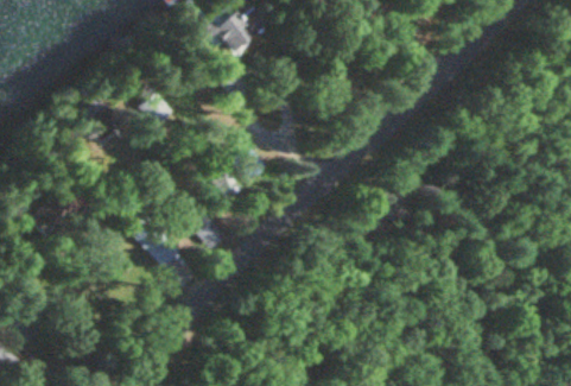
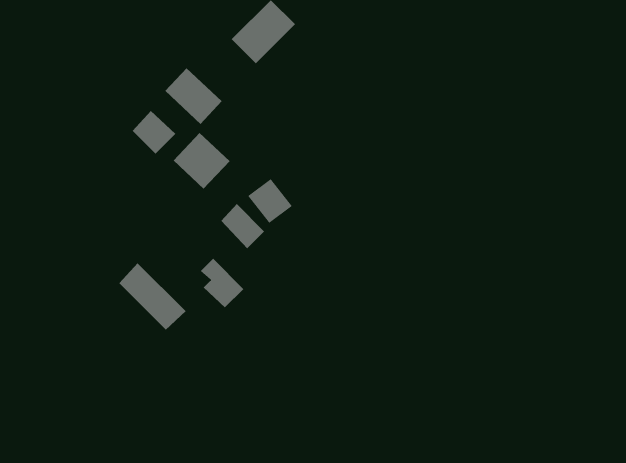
building: none -> [164,67,223,125]
building: none -> [173,132,230,190]

